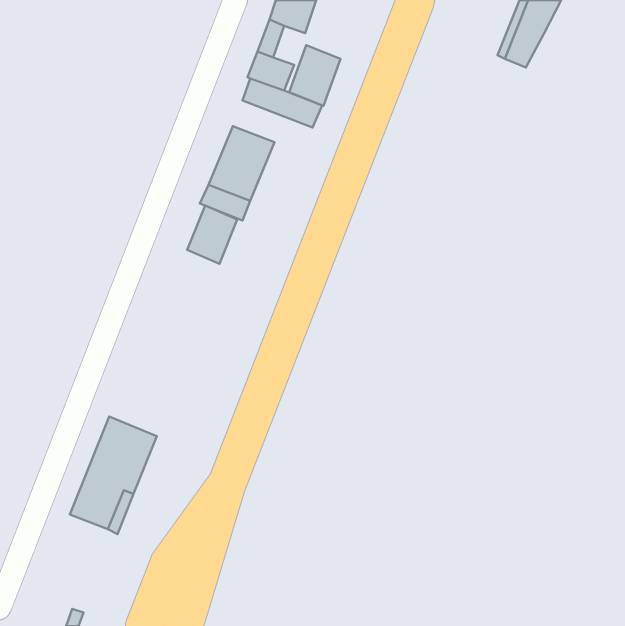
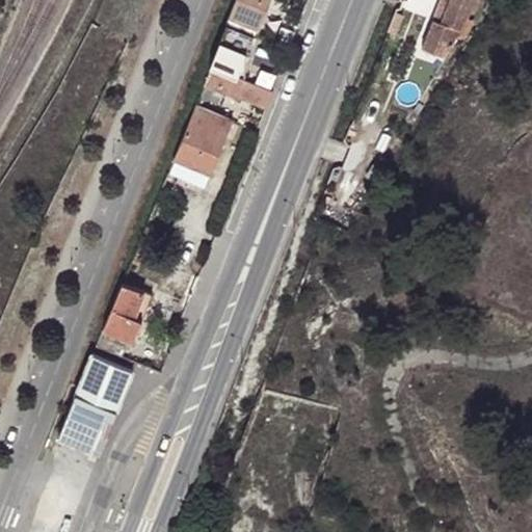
building: [289,45,341,106] -> none
building: [187,205,237,264] -> none
building: none -> [92,283,152,360]

